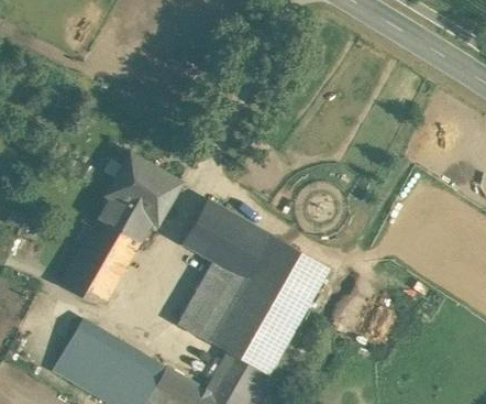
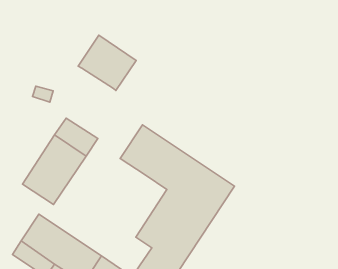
building: [106,154,178,222] -> [78,35,136,91]
building: [179,262,243,341] -> none

